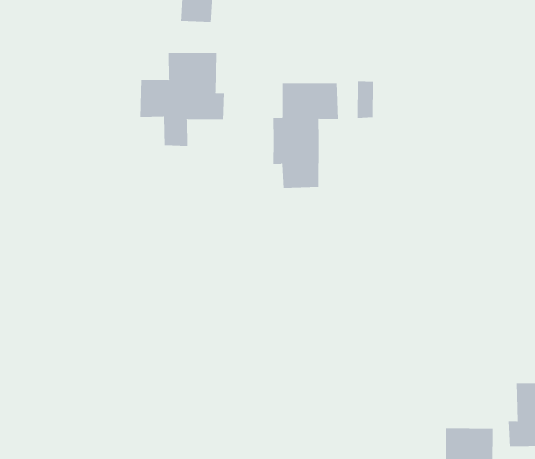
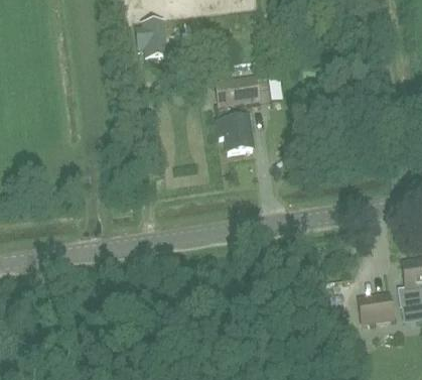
building: [140,52,225,147] -> none

